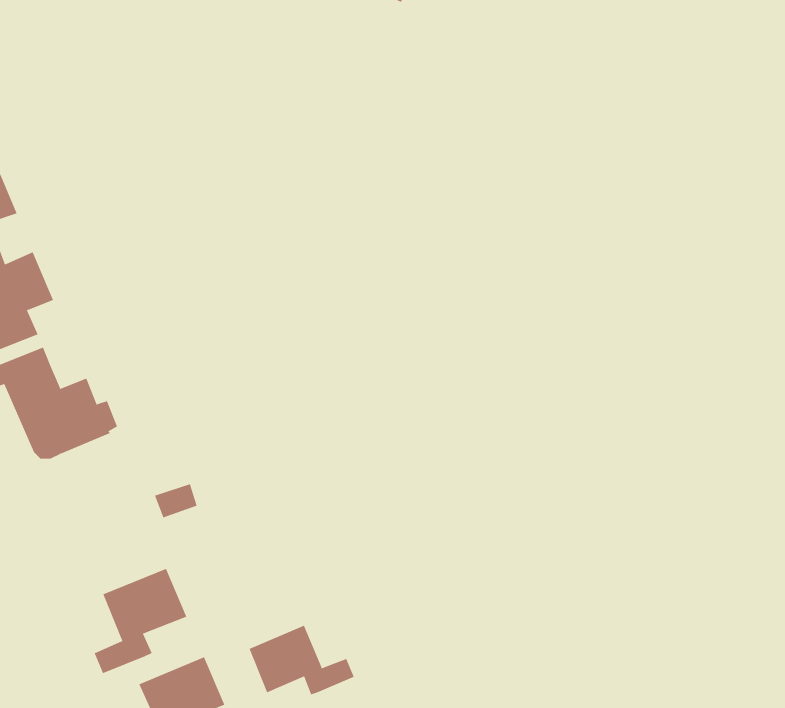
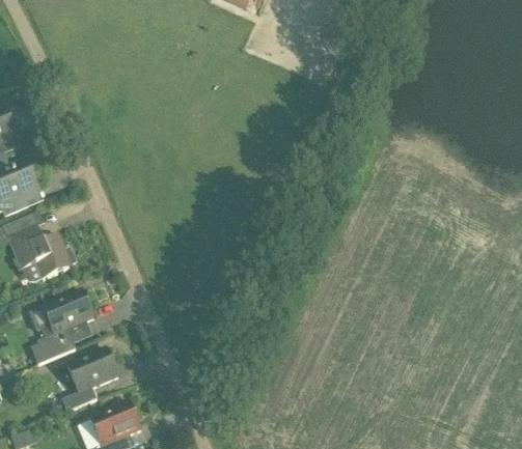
building: none -> [32,288,93,364]
building: [249,625,354,695] -> none

